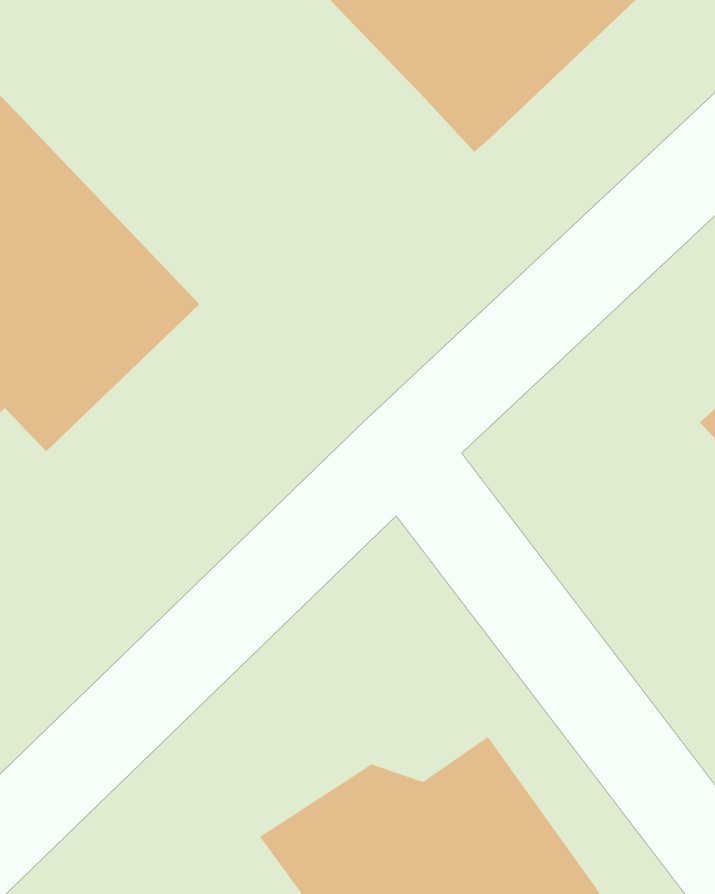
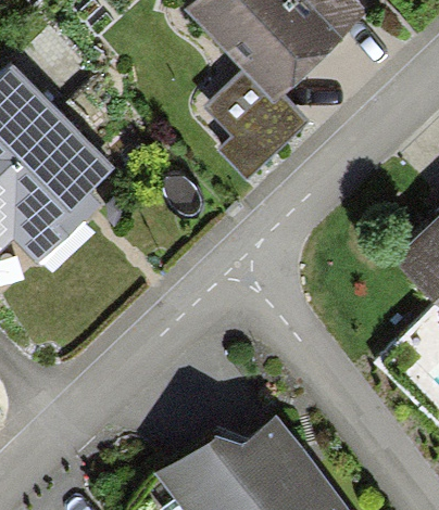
building: none -> [203,68,308,180]

